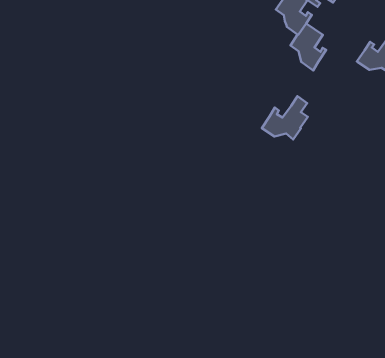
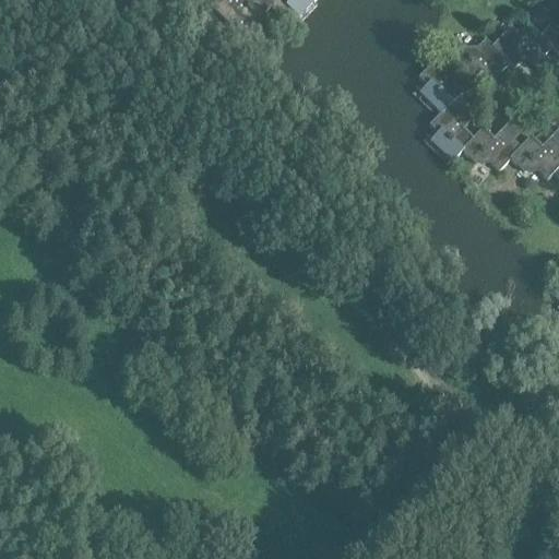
building: [262,96,308,139] -> [462,116,524,169]

